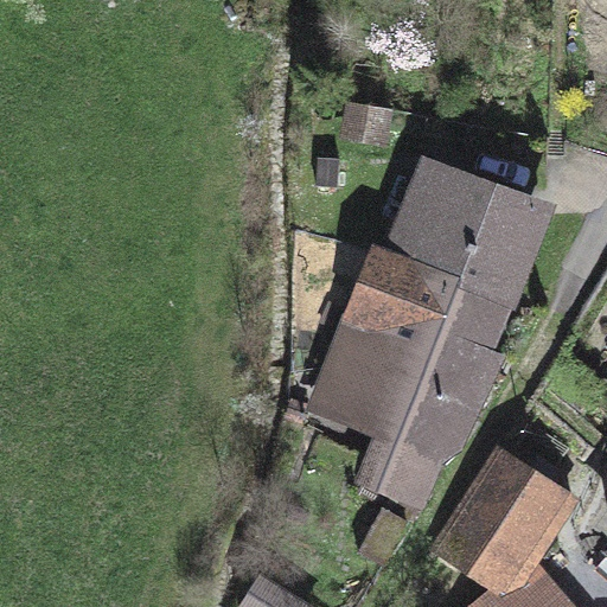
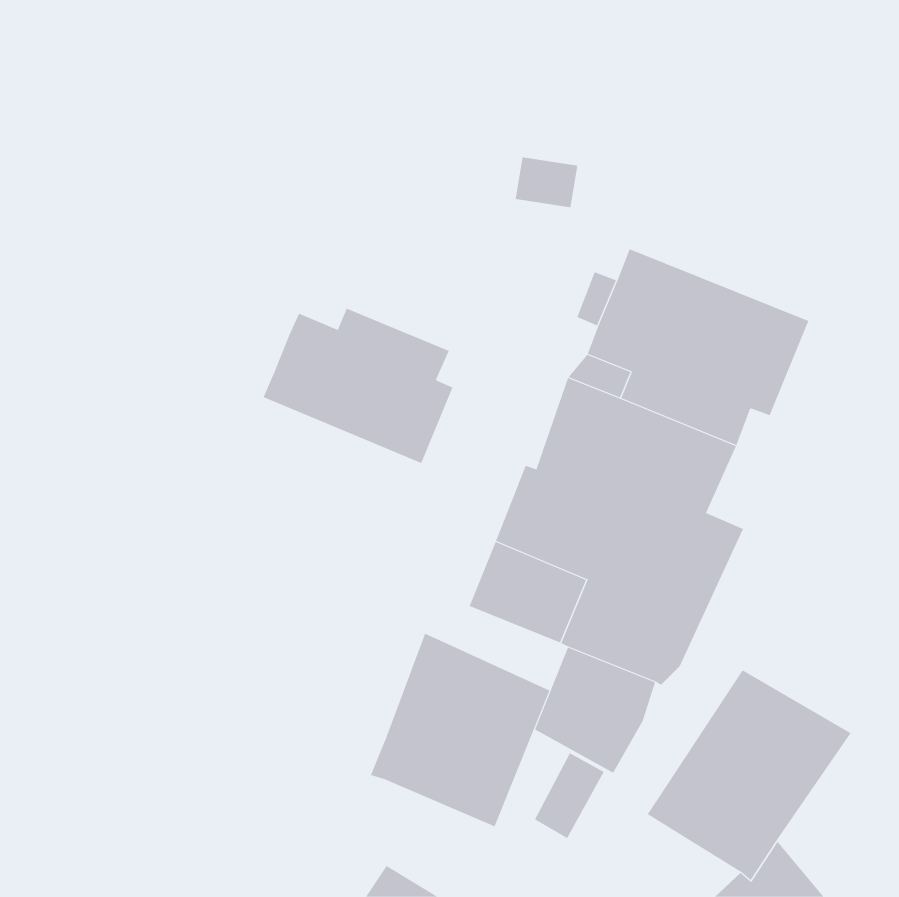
building: none -> [263,308,453,464]
building: none -> [370,633,550,827]

